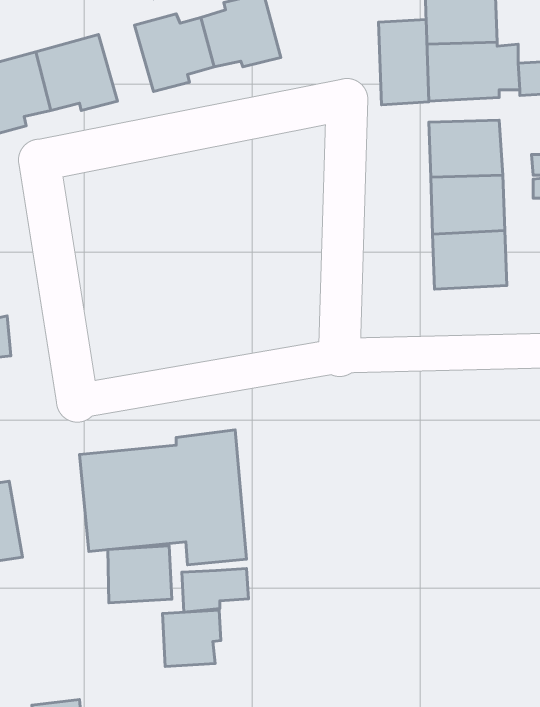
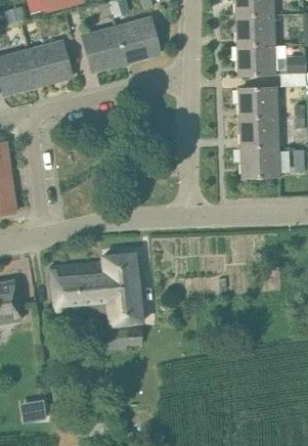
building: [379,19,429,105] -> none
building: [108,546,172,603] -> none
building: [163,610,221,667] -> none

